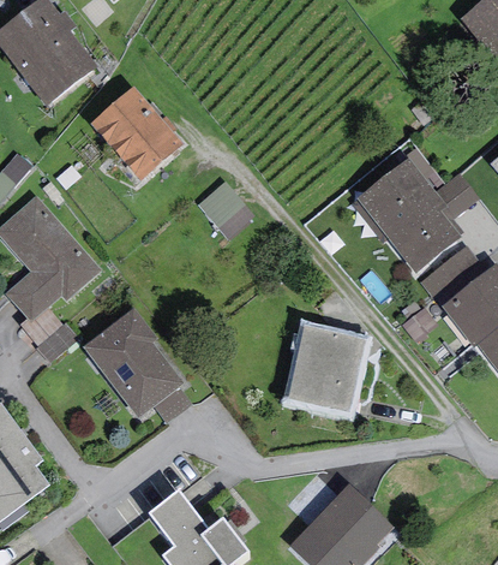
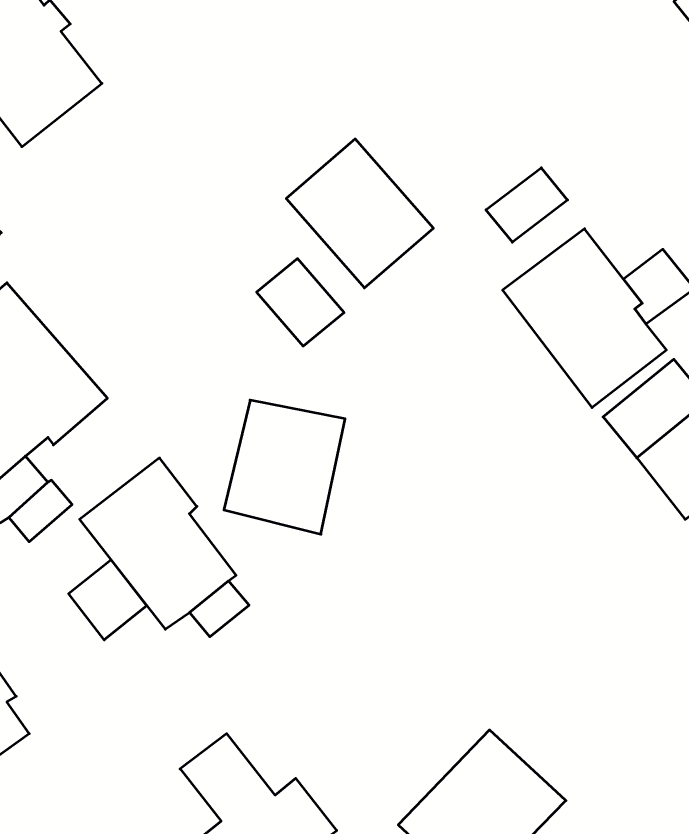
building: [88,87,182,183] -> [286,139,433,288]
building: none -> [486,168,568,242]
building: [287,328,365,415] -> [224,400,345,534]
building: none -> [69,560,147,640]

